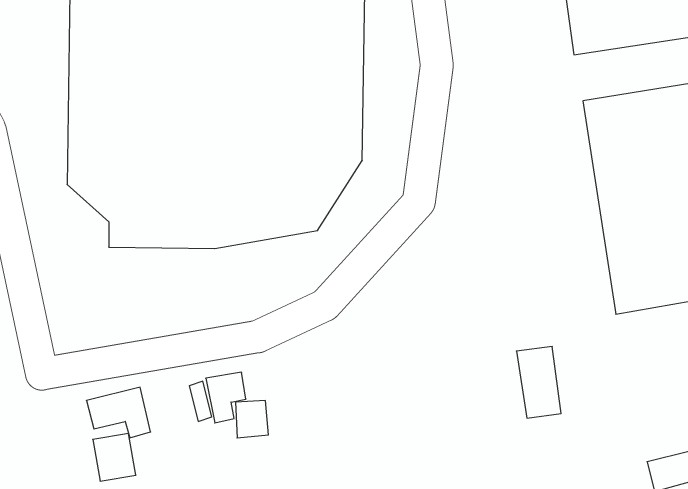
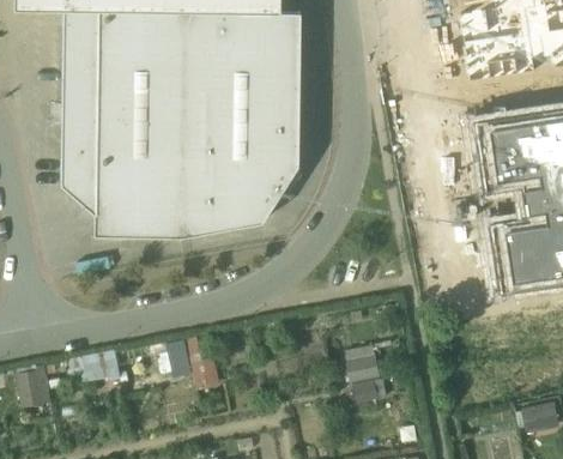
building: [516,347,561,418] -> [350,345,386,403]
building: [93,433,136,481] -> [22,368,56,406]

